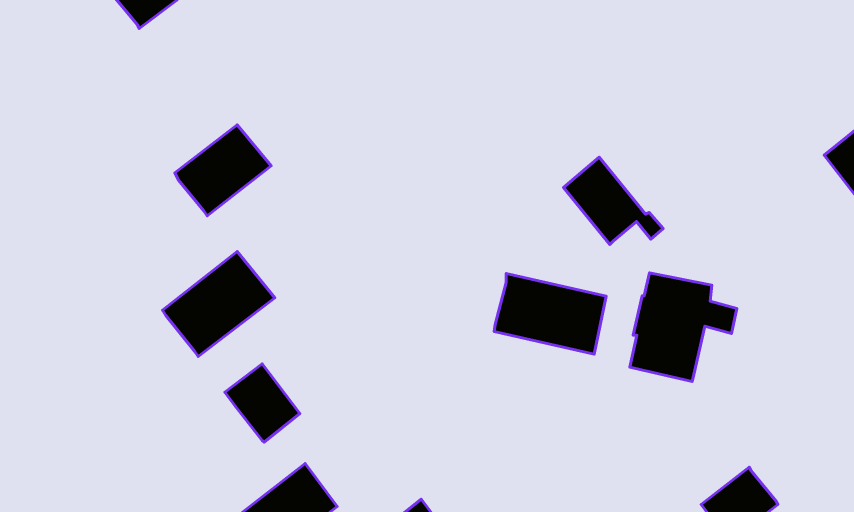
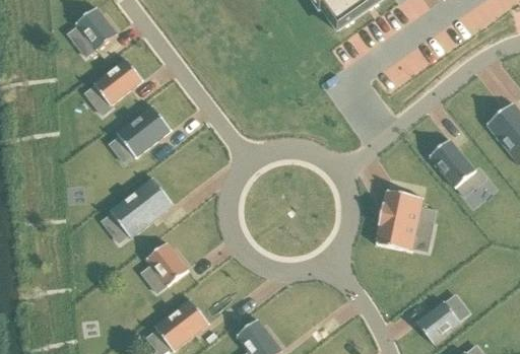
building: none -> [92,59,142,115]
building: [563,157,663,245] -> [428,138,484,188]
building: [494,273,606,354] -> none

